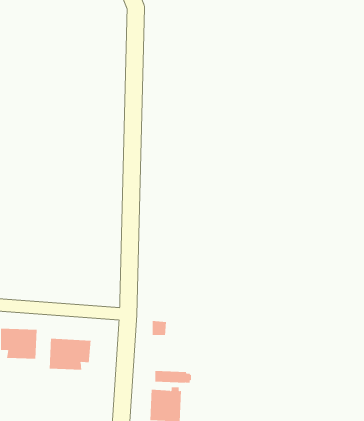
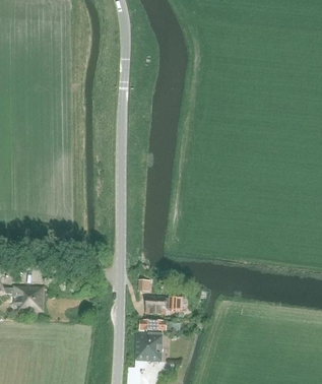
building: [49,338,91,370] -> none
building: none -> [145,297,182,314]

